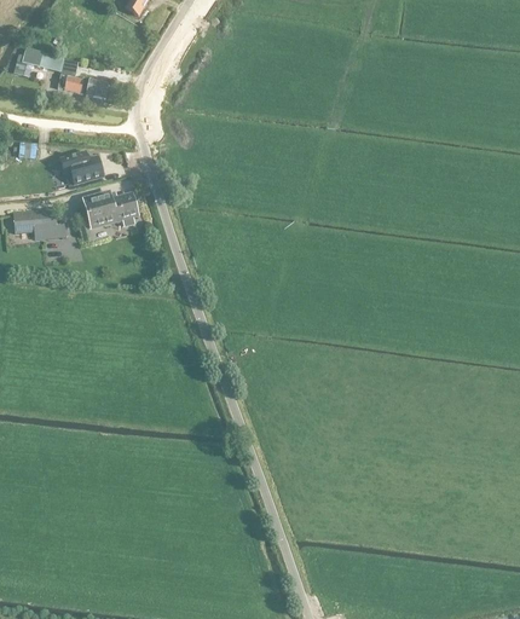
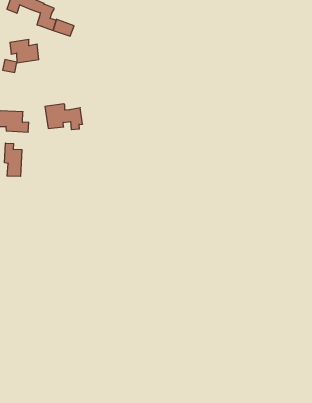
building: [62,151,104,185] -> [10,40,39,63]
building: none -> [5,143,22,176]

